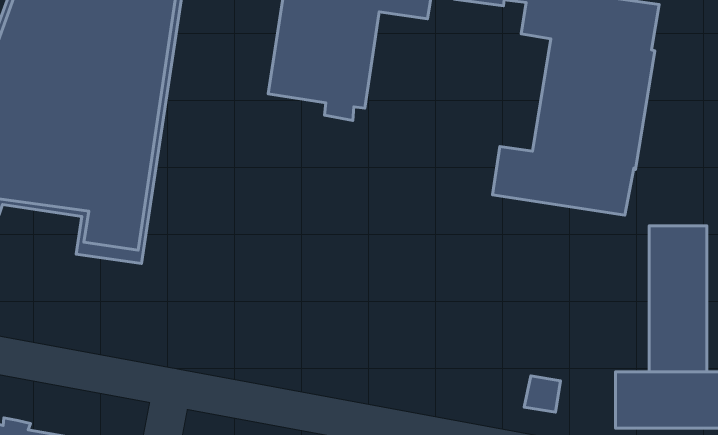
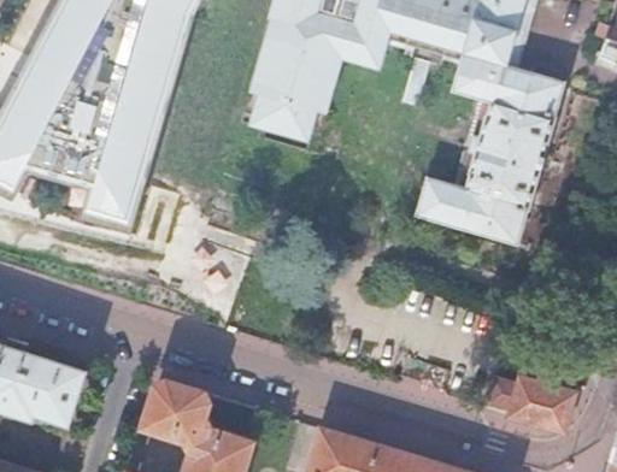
building: [649,226,707,372] -> none

